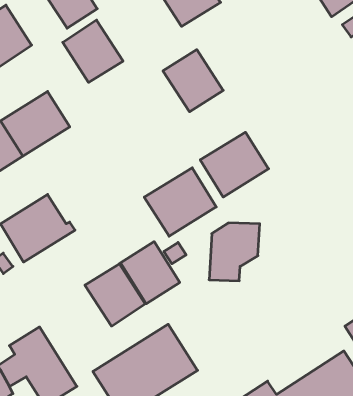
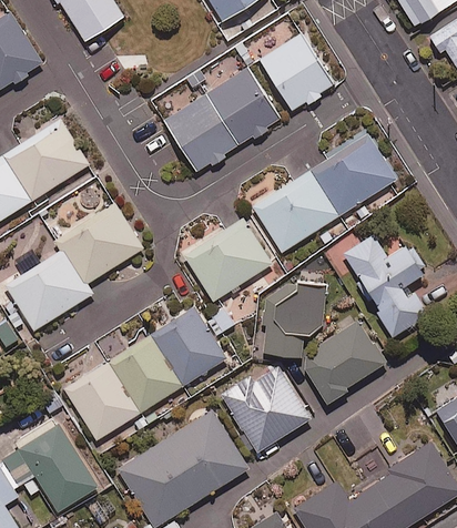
building: [63,20,123,82] -> [162,95,237,173]
building: none -> [256,32,332,110]
building: none -> [308,133,396,216]
building: none -> [53,200,142,285]
building: none -> [344,235,428,337]
building: none -> [302,319,386,405]
building: none -> [64,363,140,440]
building: none -> [220,365,312,453]

